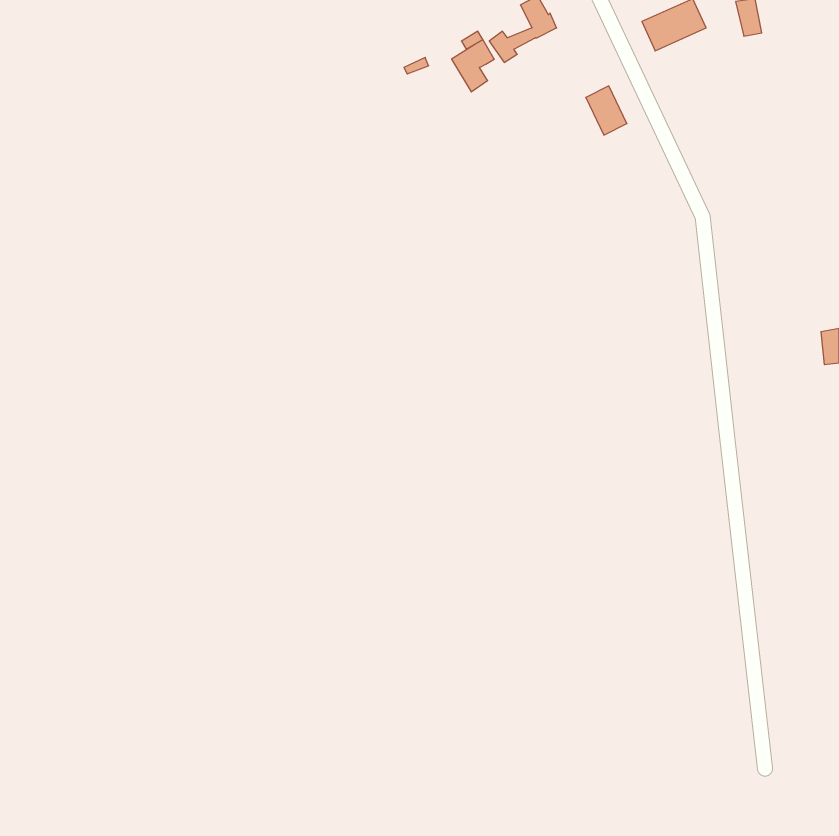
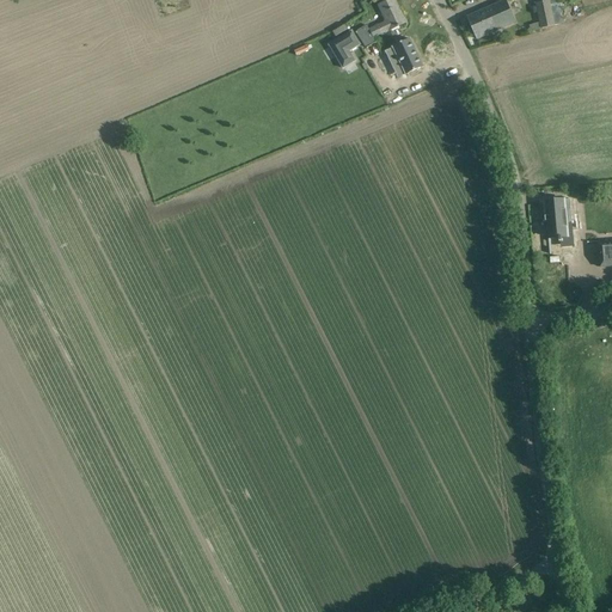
building: [586,86,627,135] -> [386,37,416,73]
building: none -> [536,201,568,243]

